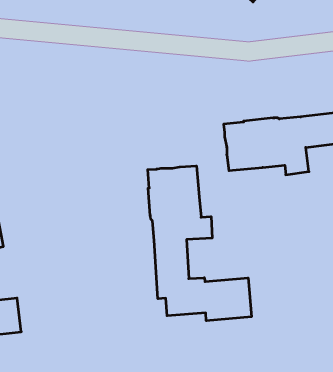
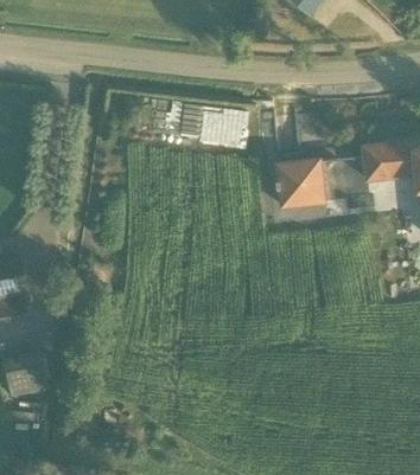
building: [148,166,251,321] -> none

